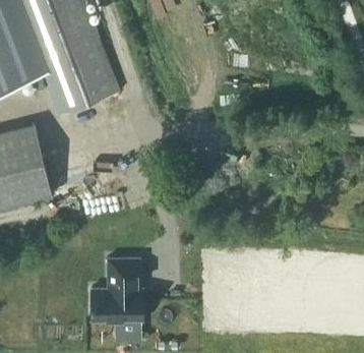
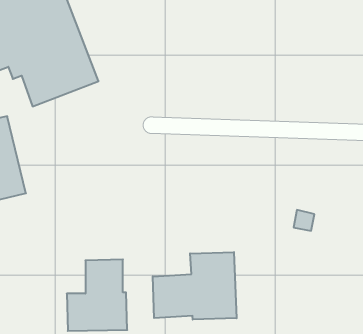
building: none -> [153,252,237,320]

